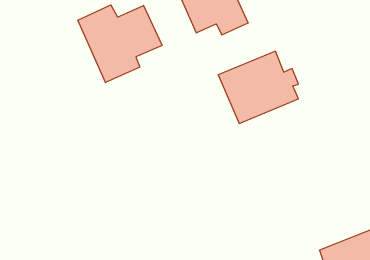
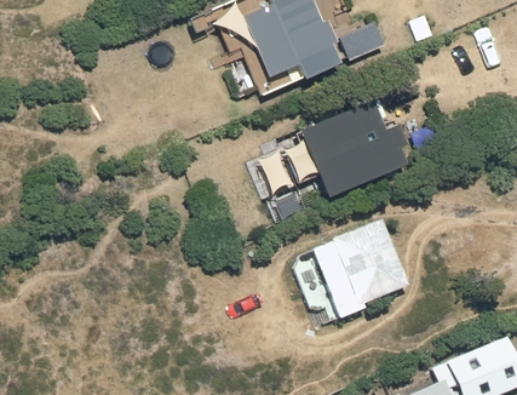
building: [78,5,162,83] -> none
building: none -> [312,218,409,319]

